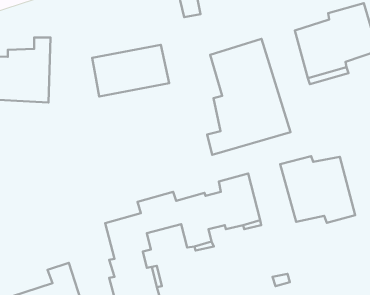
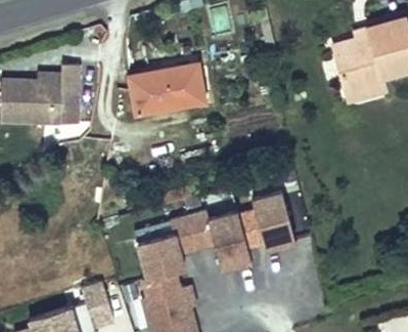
building: [207,39,291,155] -> none
building: [280,156,355,223] -> none

